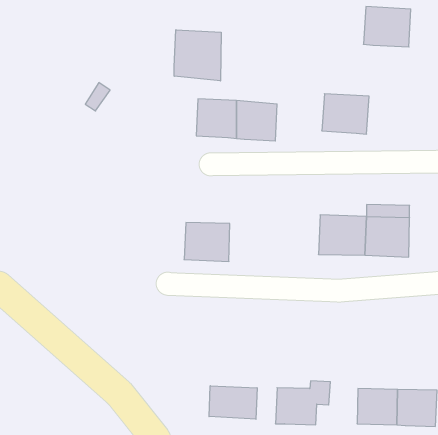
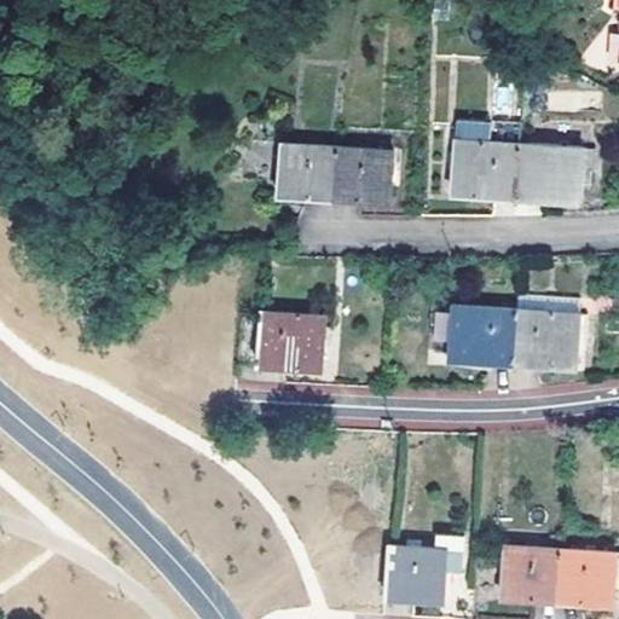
building: [363,7,411,47] -> [515,141,582,198]
building: [174,30,221,81] -> none
building: [209,386,257,419] -> none

